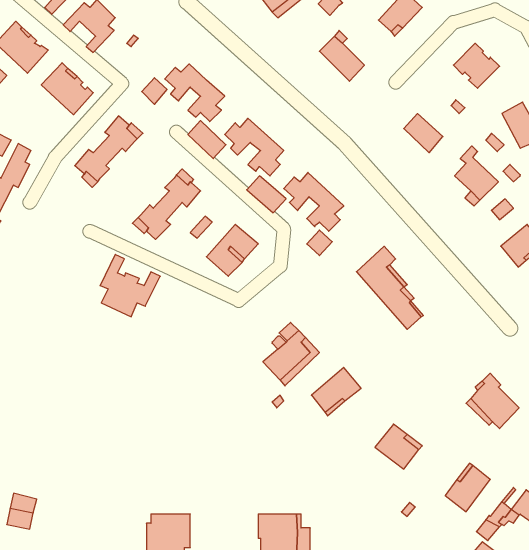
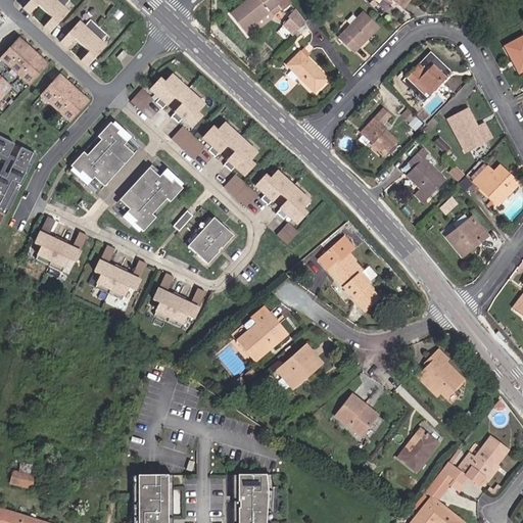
building: none -> [93,144,133,186]
building: none -> [118,168,158,209]
building: none -> [34,217,87,271]
building: none -> [152,273,204,328]

